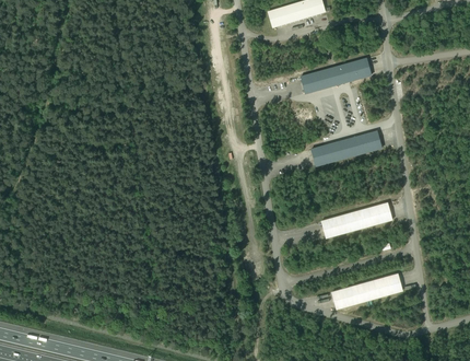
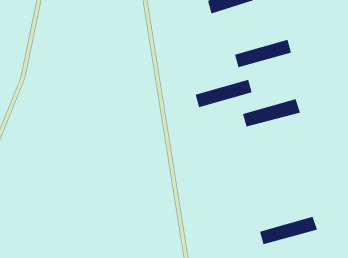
building: [321,202,391,237] -> [195,79,253,108]

